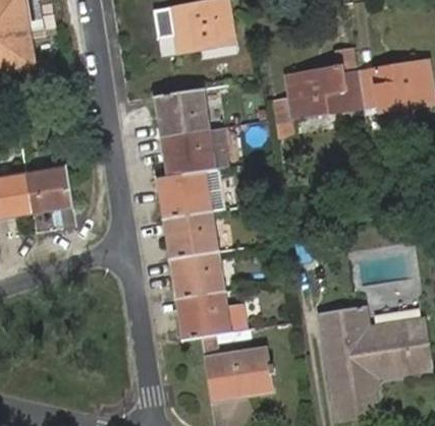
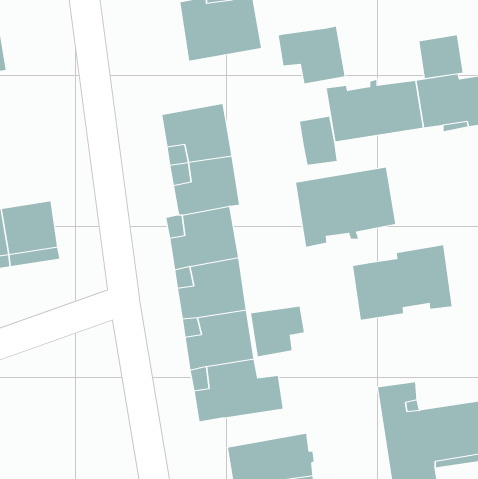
building: none -> [278,26,345,84]
building: none -> [419,34,463,79]
building: none -> [295,167,396,247]
building: none -> [352,244,452,321]
building: none -> [251,306,305,357]

